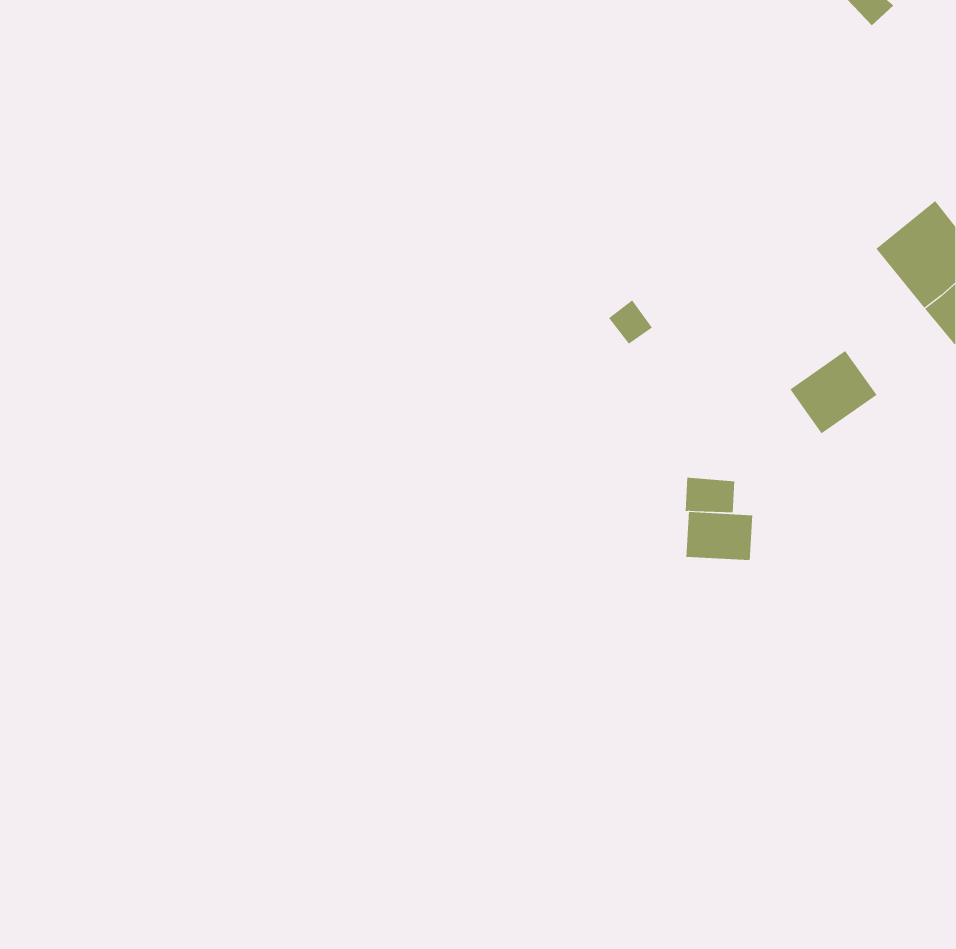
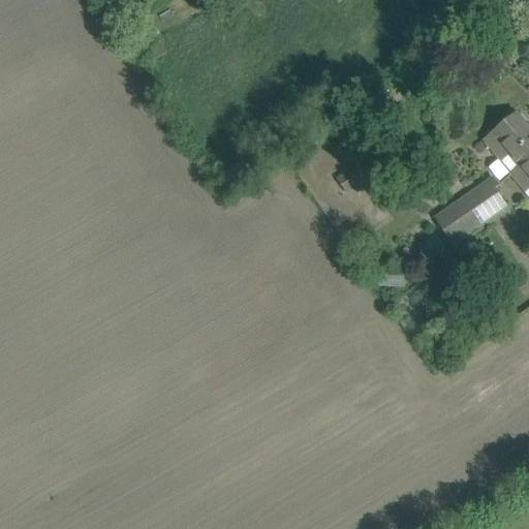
building: none -> [467,175,505,218]
building: [686,511,753,561] -> none

